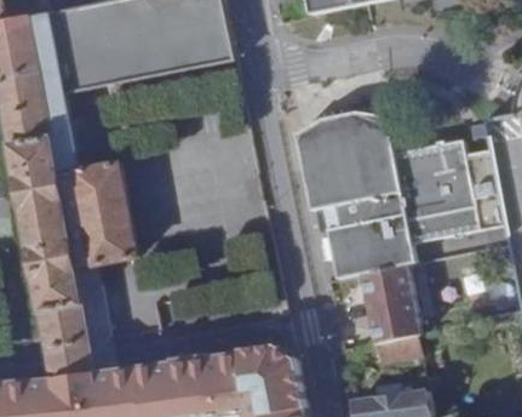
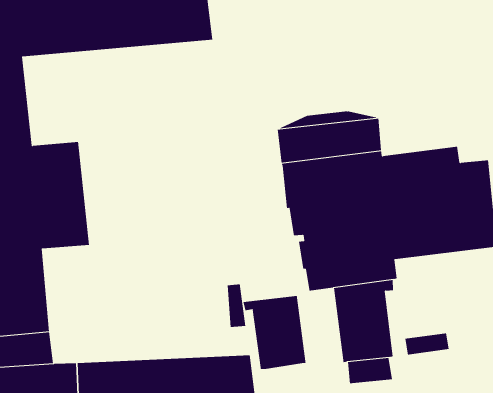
building: none -> [243,295,306,370]

